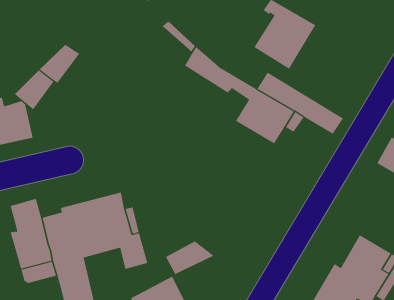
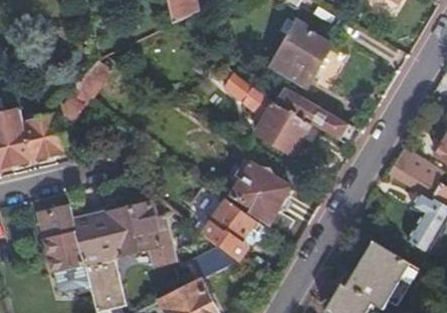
building: none -> [230,160,291,220]
building: none -> [201,199,260,256]

